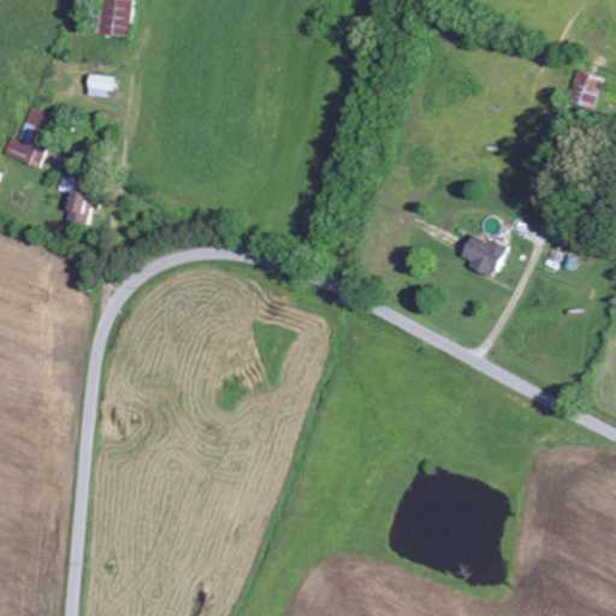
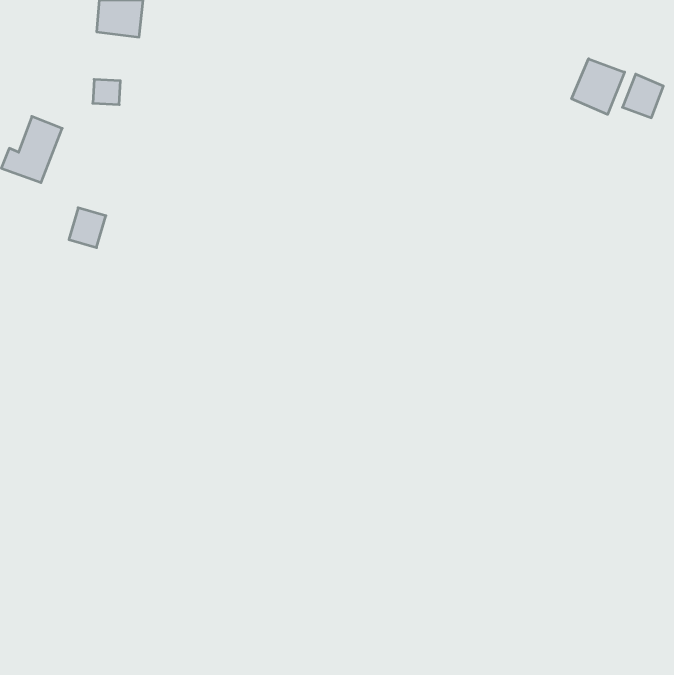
building: none -> [572,59,625,114]
building: [458,231,504,276] -> none

